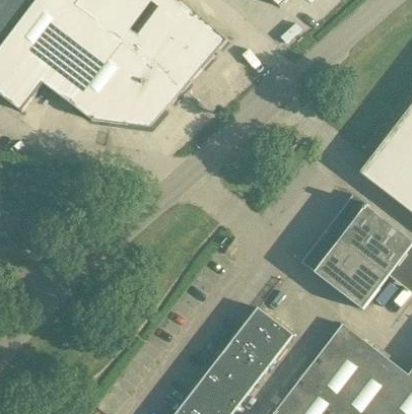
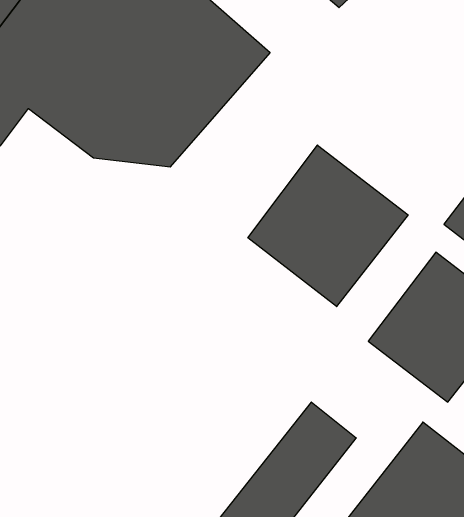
building: none -> [248,145,408,307]

